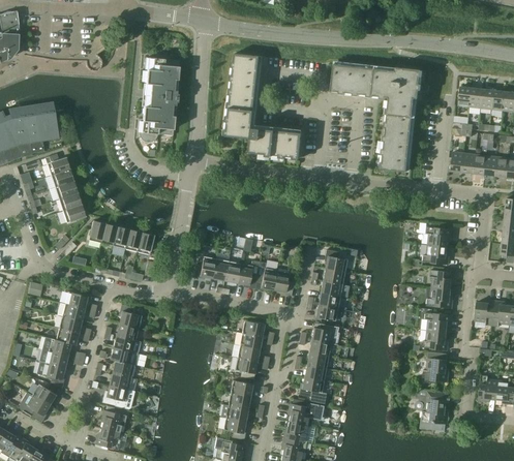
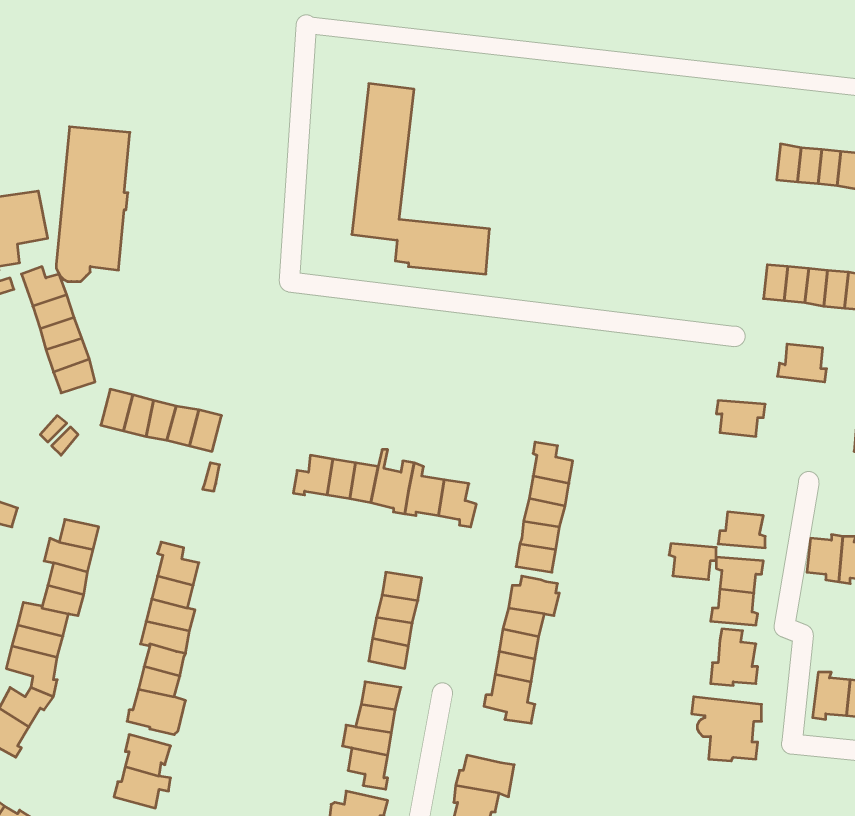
building: [139,57,179,142] -> [56,127,130,281]
building: [331,64,421,172] -> none
building: [422,244,449,265] -> [777,344,827,382]
building: [429,270,455,289] -> [669,544,716,580]
building: [288,398,324,425] -> none

